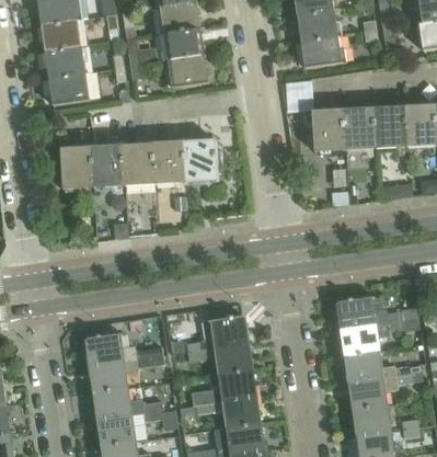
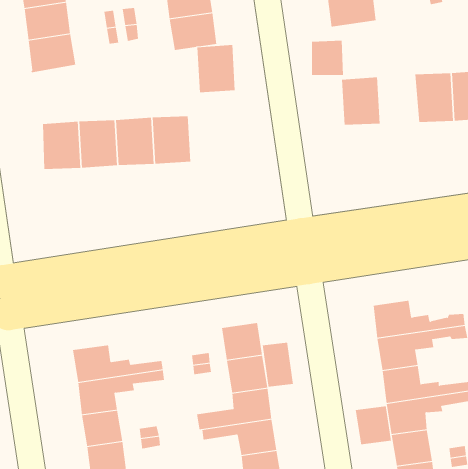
building: [343,107,377,149] -> none
building: [184,140,217,181] -> [196,45,236,93]
building: none -> [262,342,294,387]
building: none -> [355,406,392,445]

